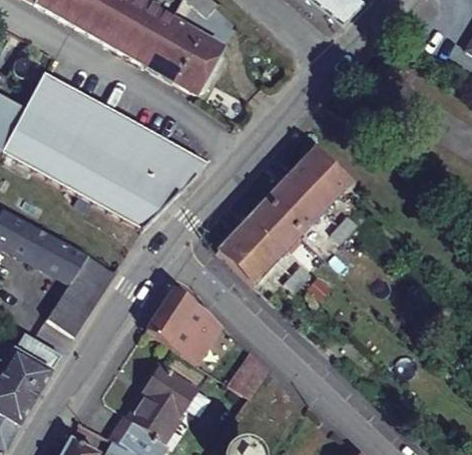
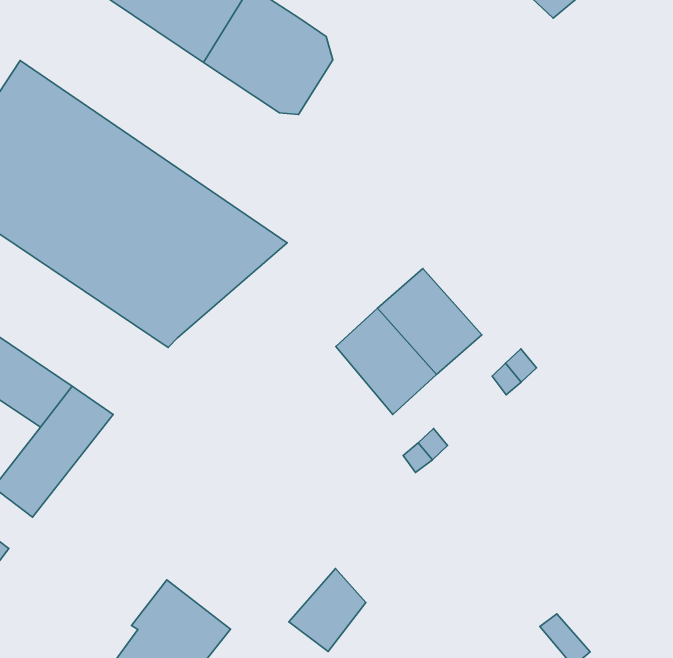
building: [287,147,348,208] -> none
building: [216,222,277,284] -> none
building: [145,286,222,364] -> none

